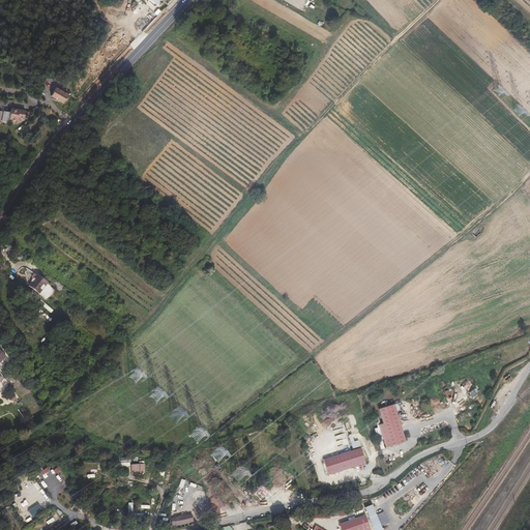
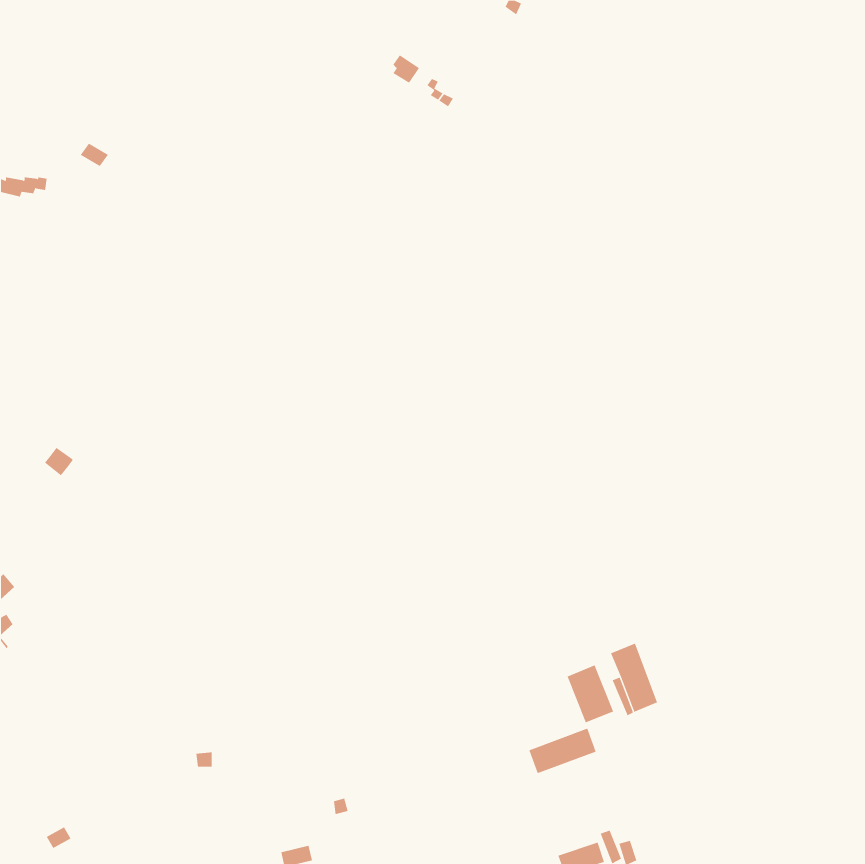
building: none -> [567,665,614,723]

